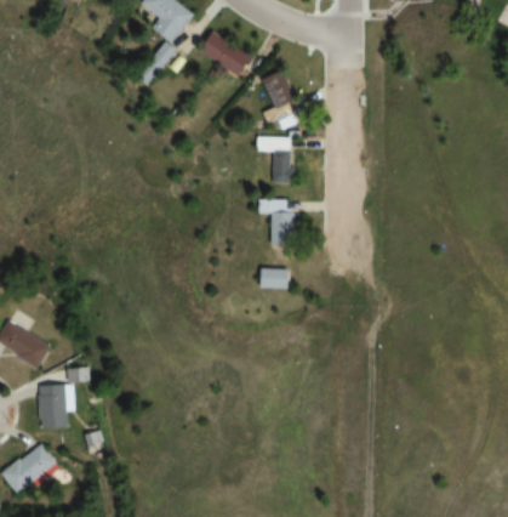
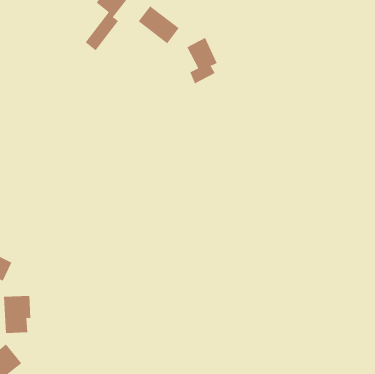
building: [256,137,293,183] -> none
building: [273,211,296,245] -> none
building: [261,268,292,289] -> none

